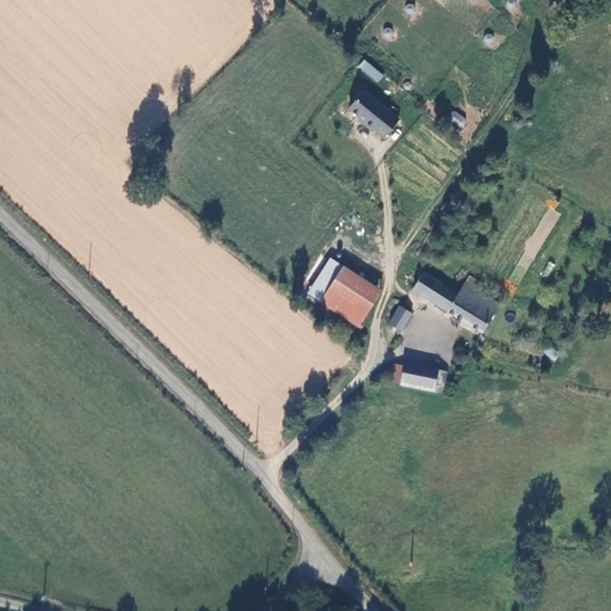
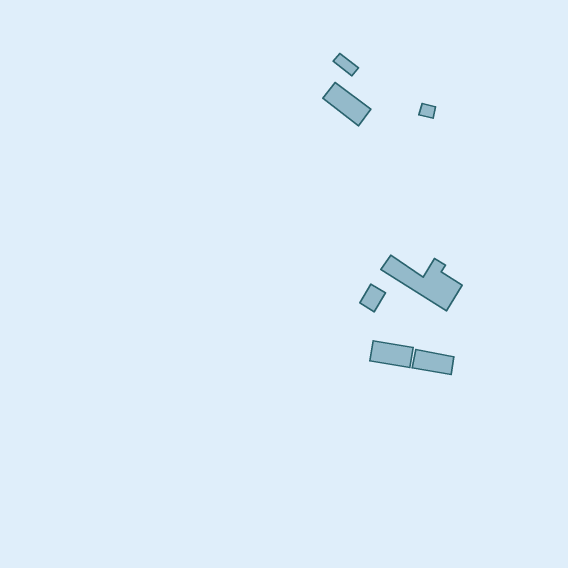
building: [310,260,383,326] -> none
building: none -> [412,350,454,374]

